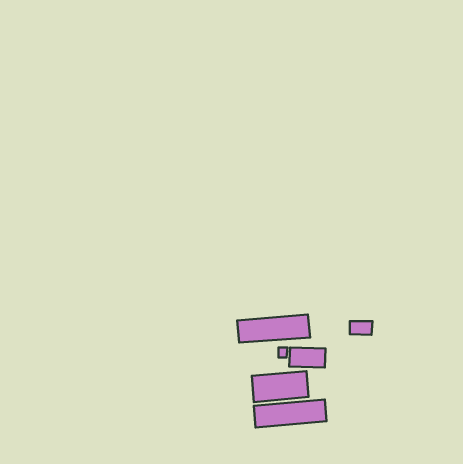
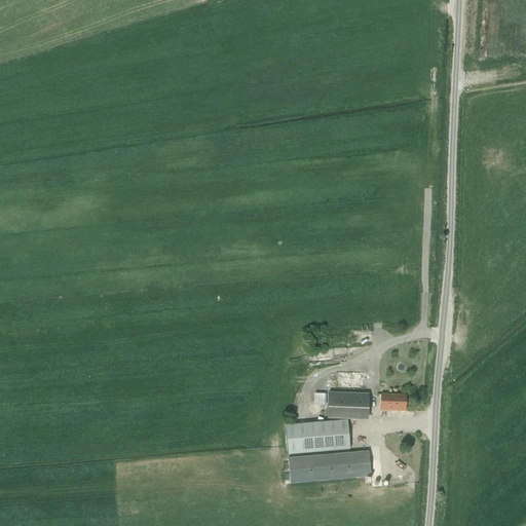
building: [237,314,310,343] -> none
building: [350,321,372,335] -> [382,394,408,410]

